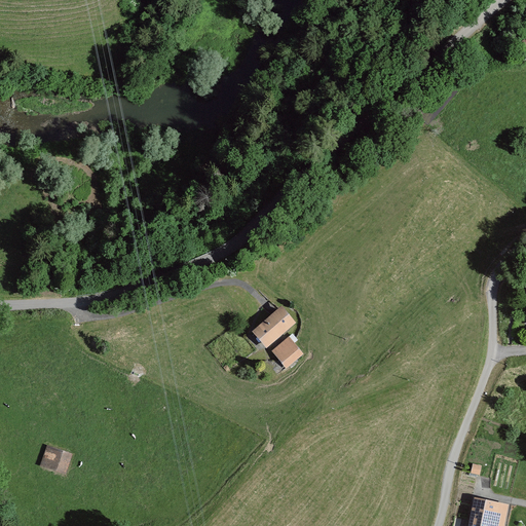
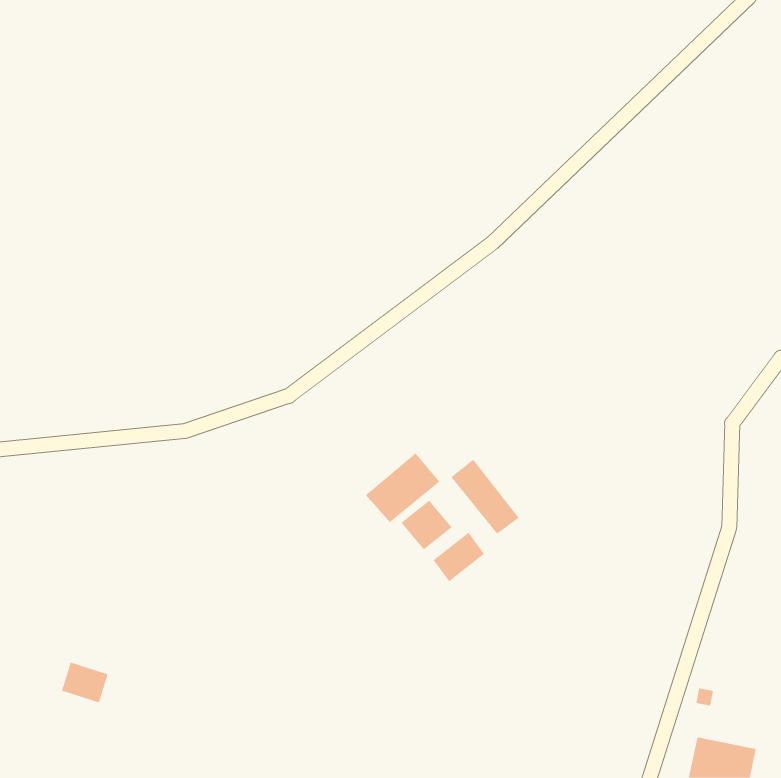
building: none -> [451,459,520,535]
building: none -> [433,532,485,582]

